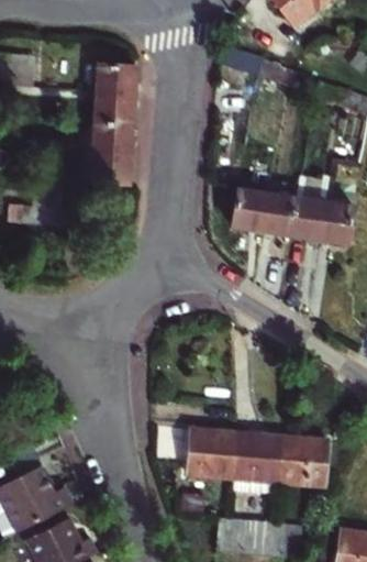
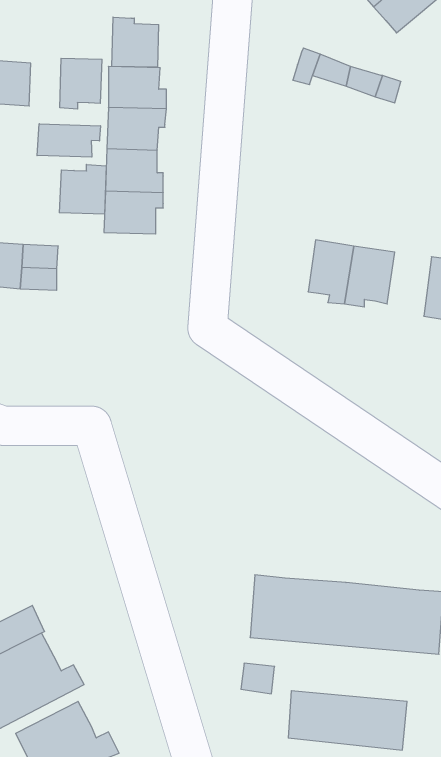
building: none -> [112,17,159,67]
building: none -> [60,58,102,109]
building: none -> [37,124,100,157]
building: none -> [59,164,106,214]
building: [293,196,325,242] -> none

